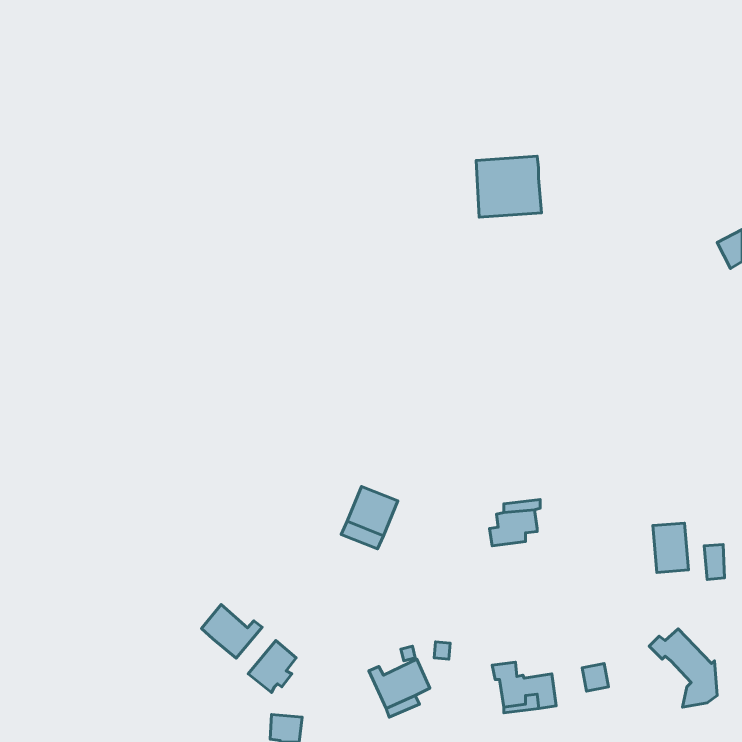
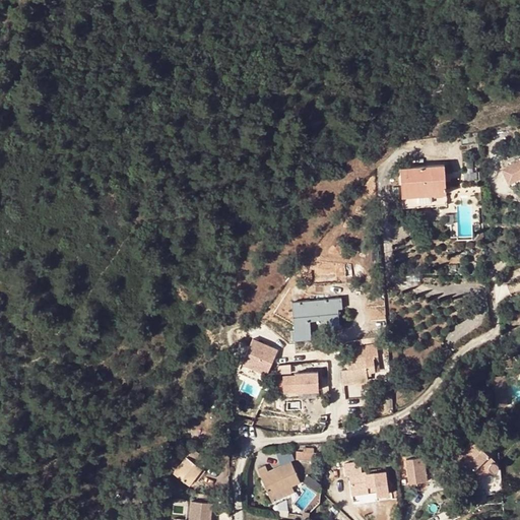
building: [476,156,541,217] -> [401,165,447,207]
building: none -> [292,298,342,336]
building: [653,523,689,572] -> none
building: none -> [283,372,319,392]
building: [201,605,262,658] -> none

